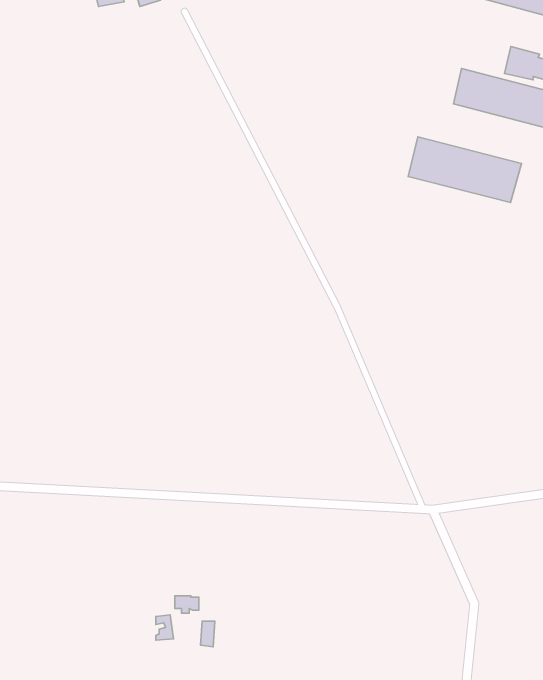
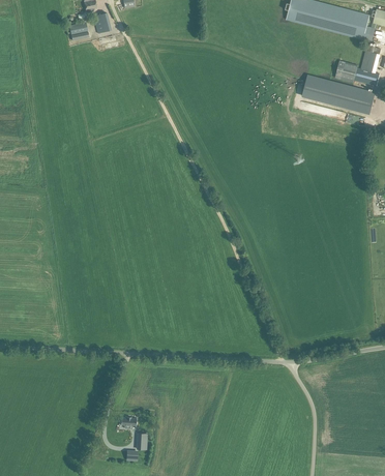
building: [408,137,522,202] -> none

